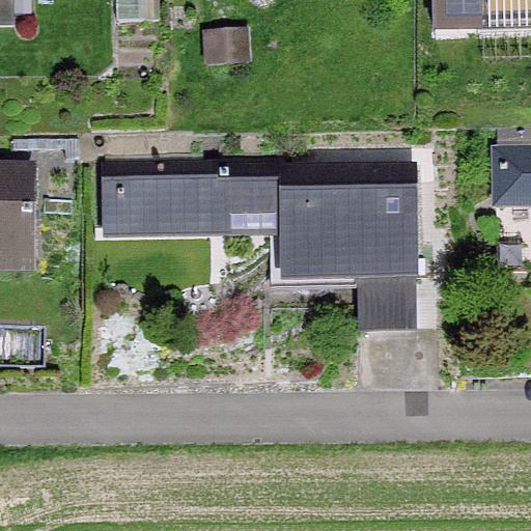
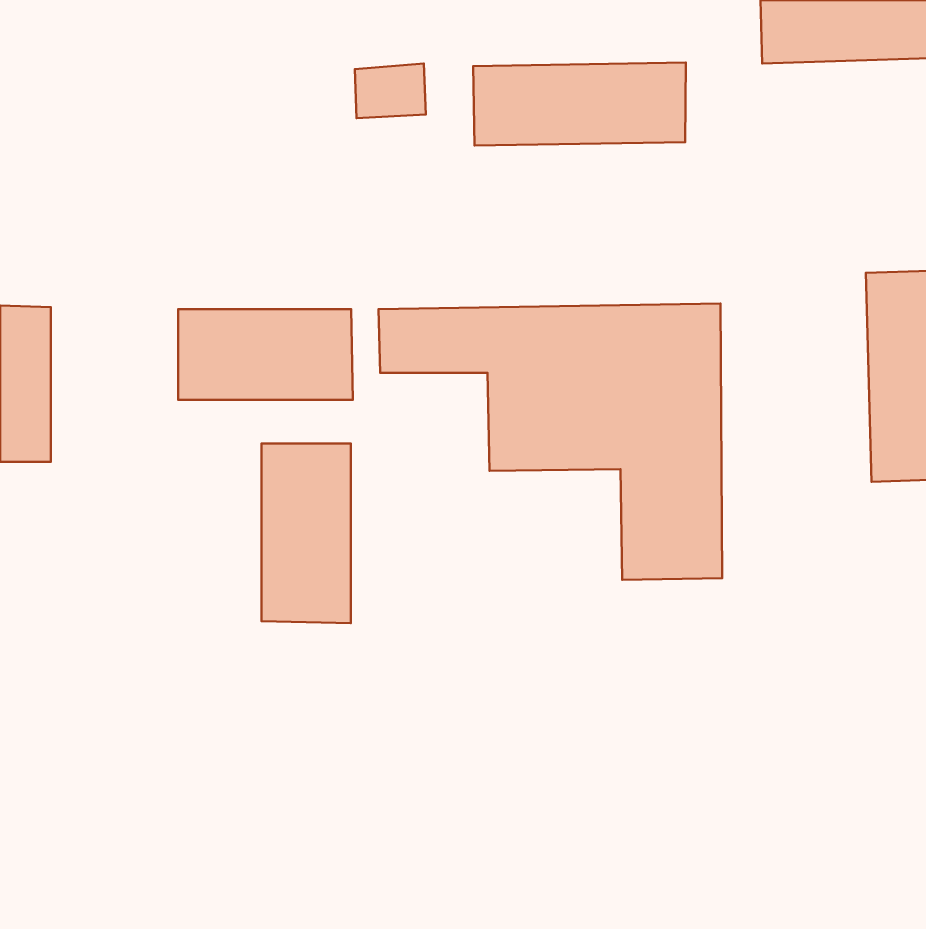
building: none -> [473,63,686,146]
building: none -> [262,444,351,623]

